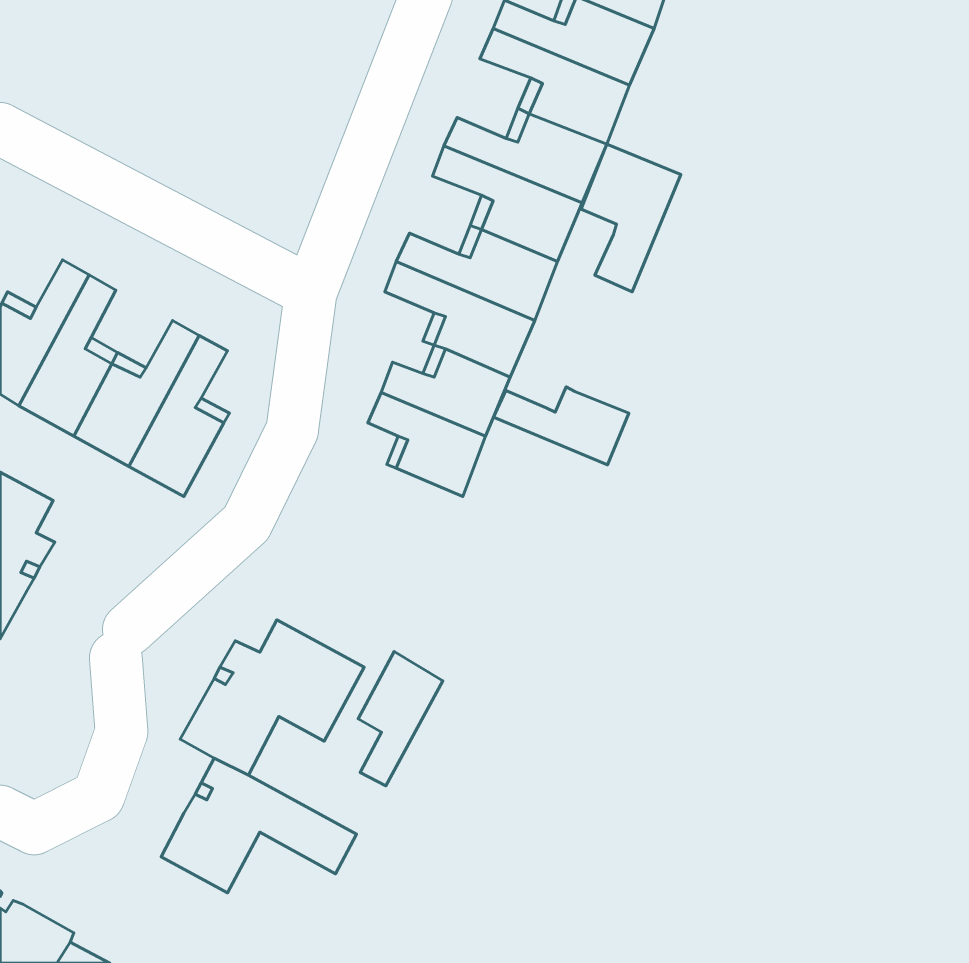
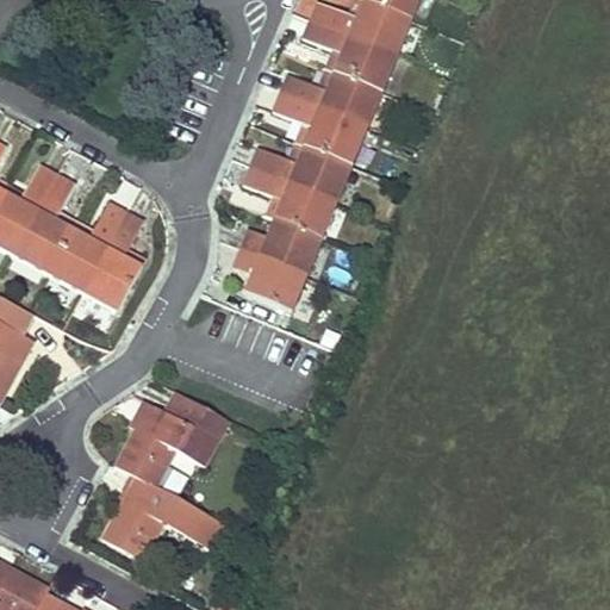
building: [581,144,681,292] -> none
building: [493,387,629,465] -> none
building: [358,651,443,786] -> none

